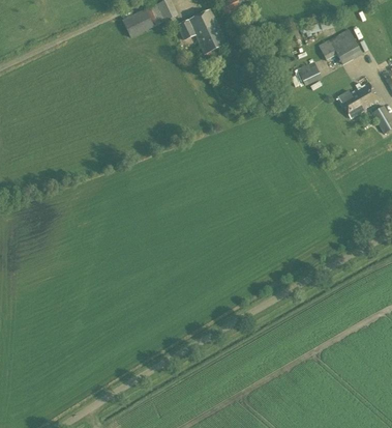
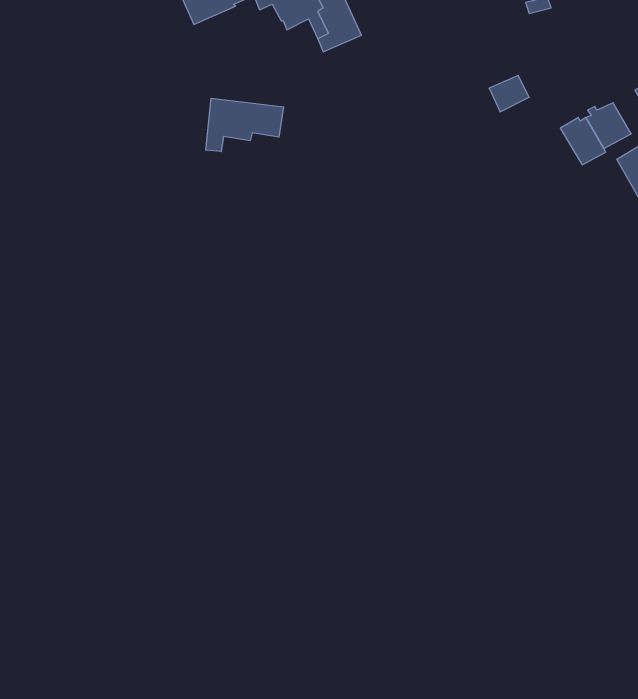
building: [318,29,361,65] -> none
building: none -> [206,98,283,152]

